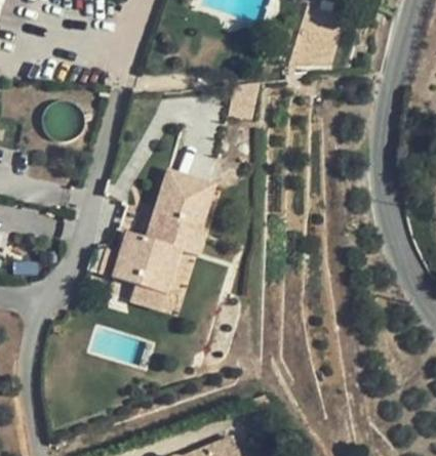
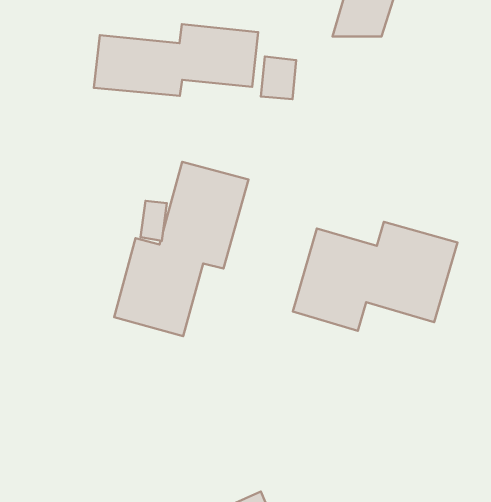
building: none -> [94,24,258,96]
building: none -> [293,222,458,331]

